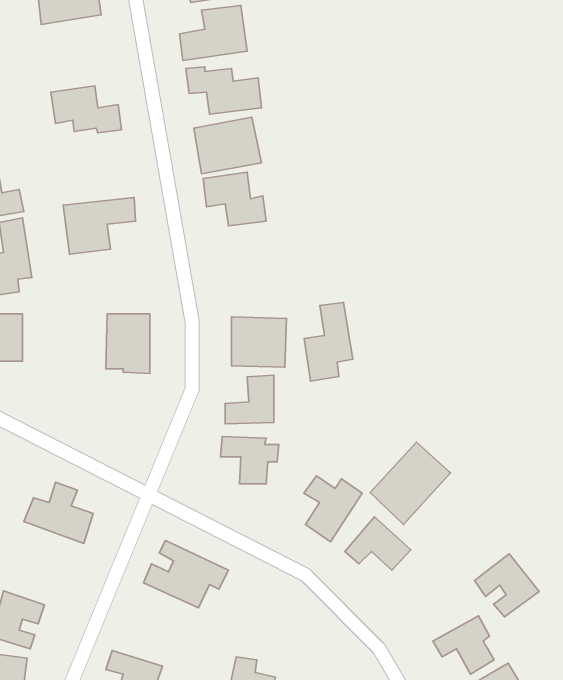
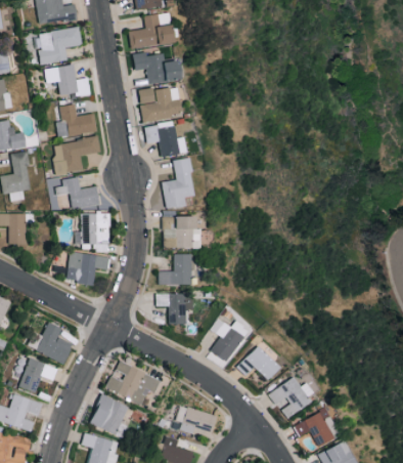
building: none -> [37,28,82,64]
building: none -> [56,103,97,137]
building: none -> [56,176,101,209]
building: [304,302,353,381] -> [162,158,193,209]
building: none -> [66,253,109,284]
building: [370,442,451,524] -> none
building: none -> [19,359,57,392]
building: [475,554,539,617] -> [268,377,310,418]
building: none -> [90,394,128,434]
building: none -> [176,405,218,435]

